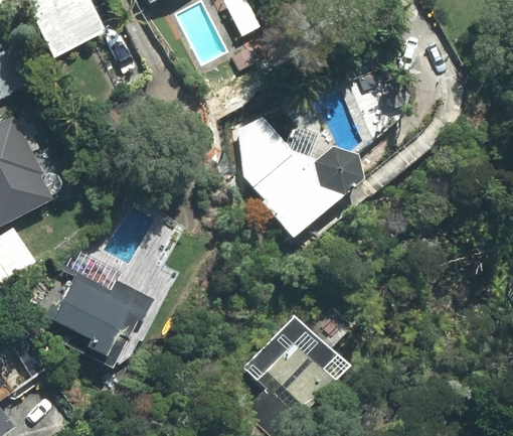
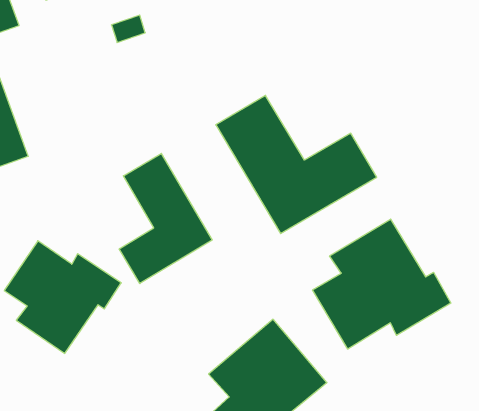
building: none -> [119,153,212,284]
building: none -> [313,219,451,349]

